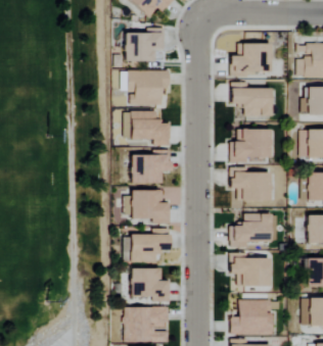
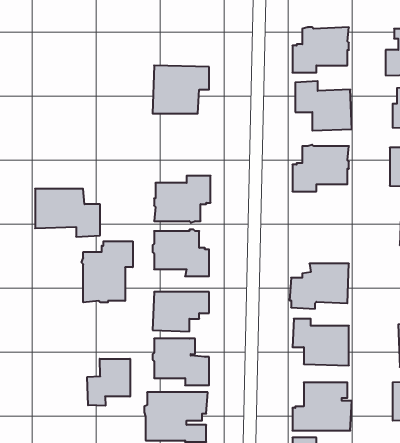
building: [126,28,166,61] -> none
building: [124,111,171,146] -> [35,189,100,237]
building: [232,167,272,207] -> none
building: none -> [82,241,133,302]
building: none -> [87,359,130,406]

